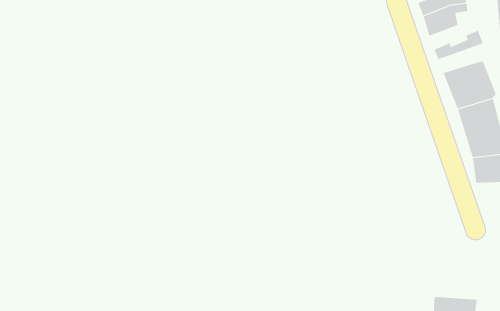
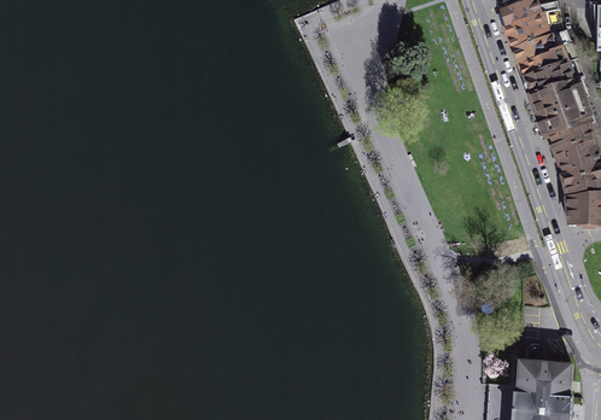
building: none -> [513,34,572,66]
building: none -> [524,59,582,94]

